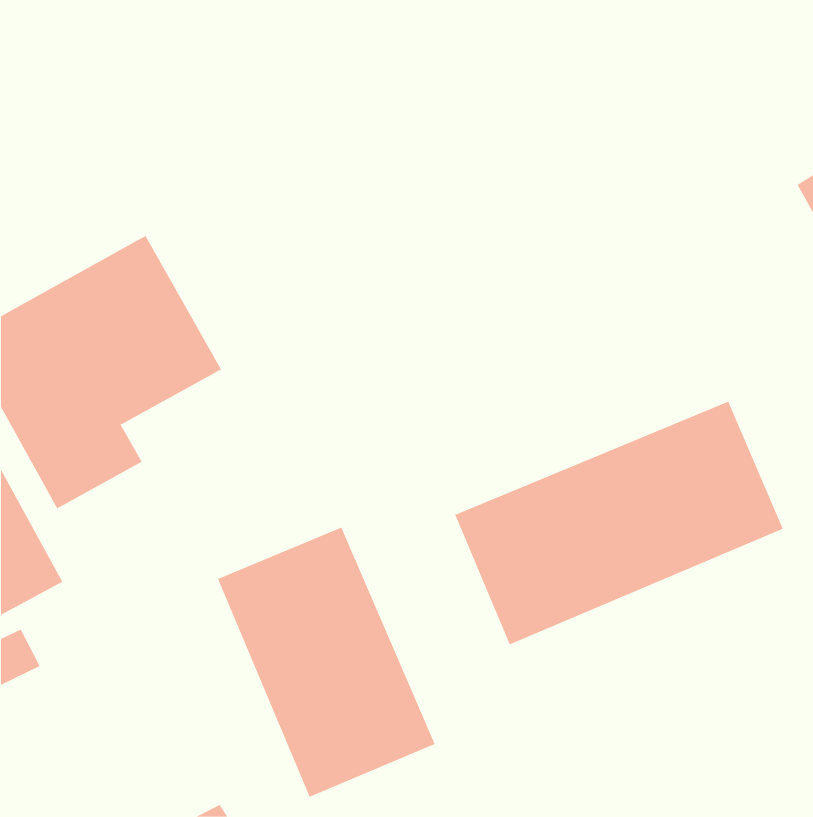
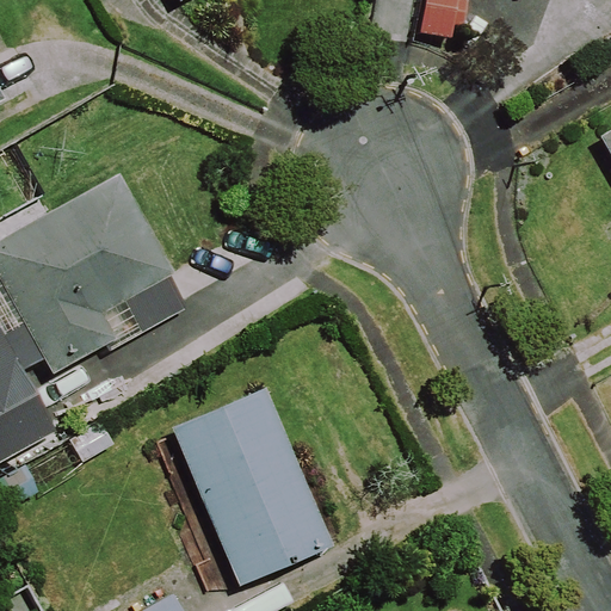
building: [454,401,784,645] -> none

